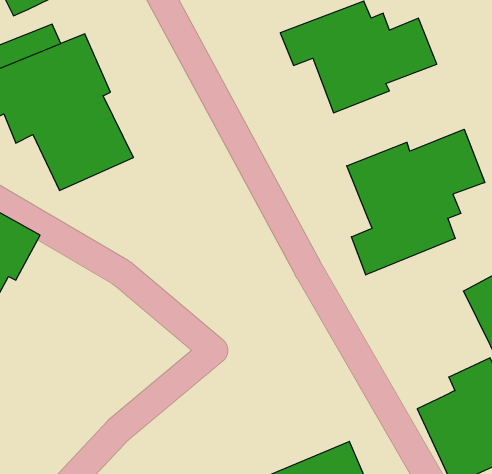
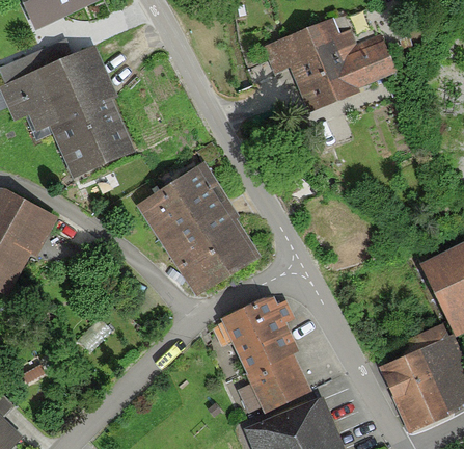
building: [347,129,485,275] -> none
building: none -> [136,162,261,297]
building: none -> [221,296,311,416]

